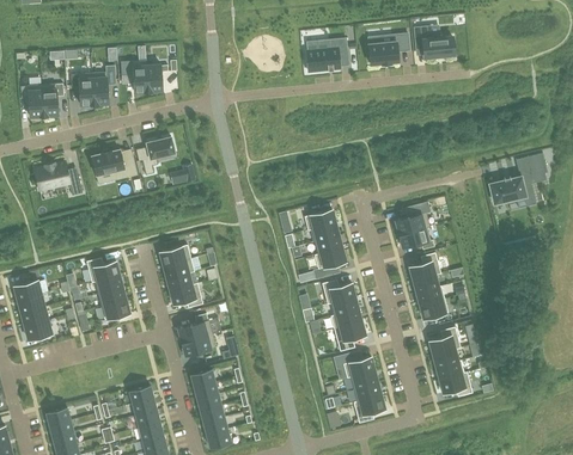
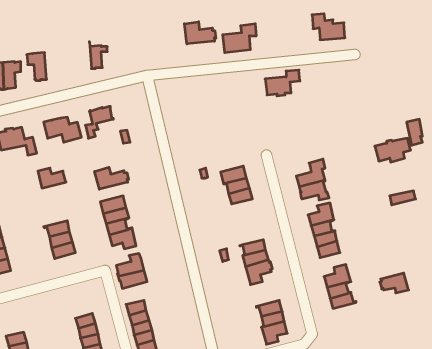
building: [367,35,409,66] -> [265,70,300,96]
building: none -> [184,22,216,44]
building: [124,60,148,94] -> none
building: [92,66,116,105] -> none
building: none -> [95,167,129,189]
building: [313,248,346,279] -> none
building: [86,258,120,282] -> [38,168,66,188]
building: [322,279,355,305] -> none
building: [334,353,374,377] -> none
building: [438,373,473,396] -> [380,273,409,293]

